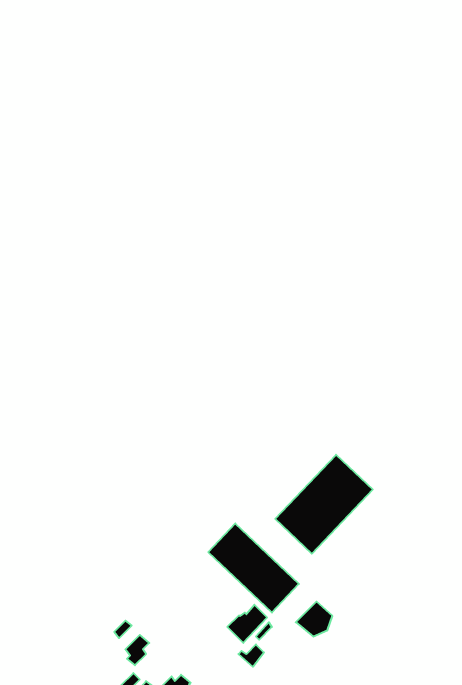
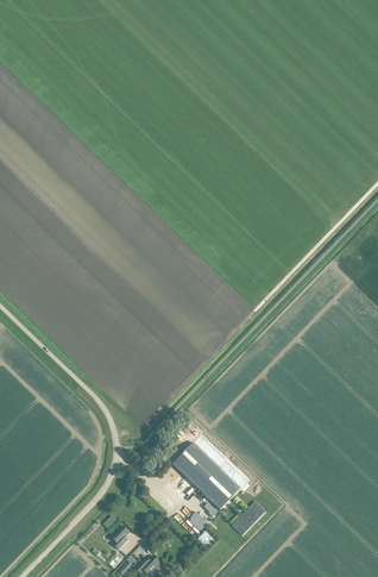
building: [275,455,373,554] -> none

